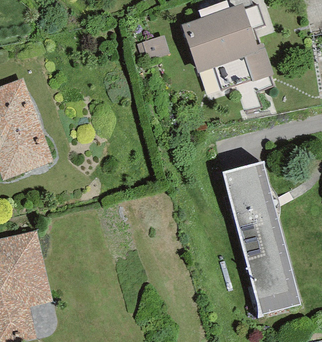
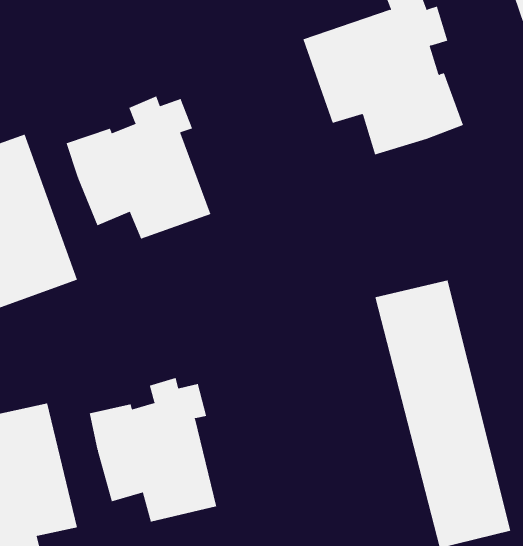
building: none -> [66,96,211,240]
building: none -> [89,377,217,522]

